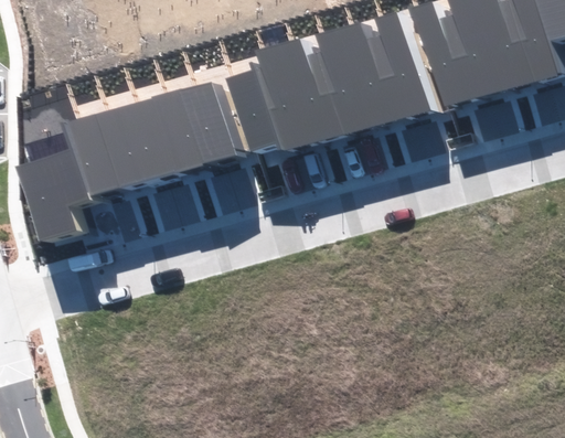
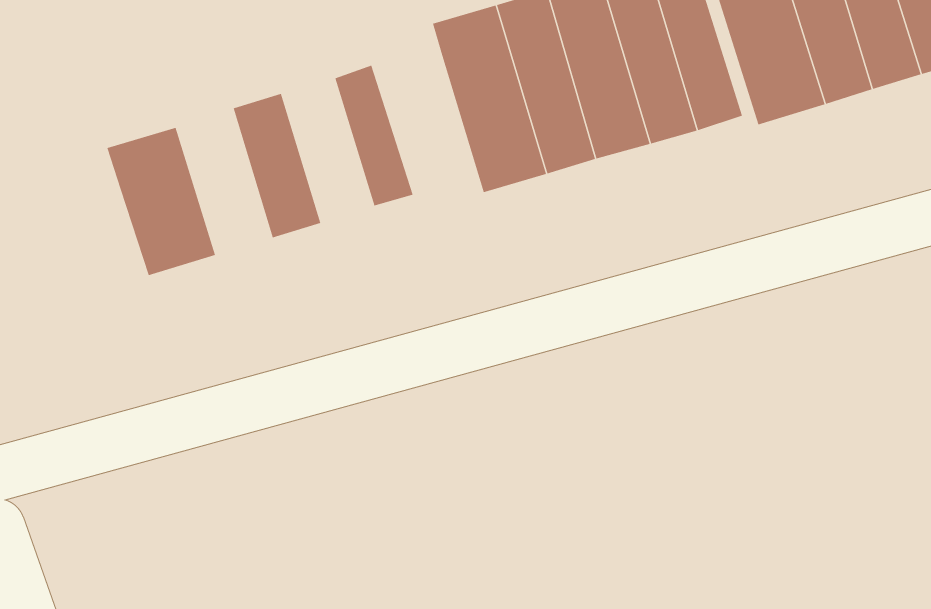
building: [228,71,285,161] -> none
building: [167,84,221,169] -> none
building: [105,102,161,188] -> none
building: [17,149,92,253] -> none

